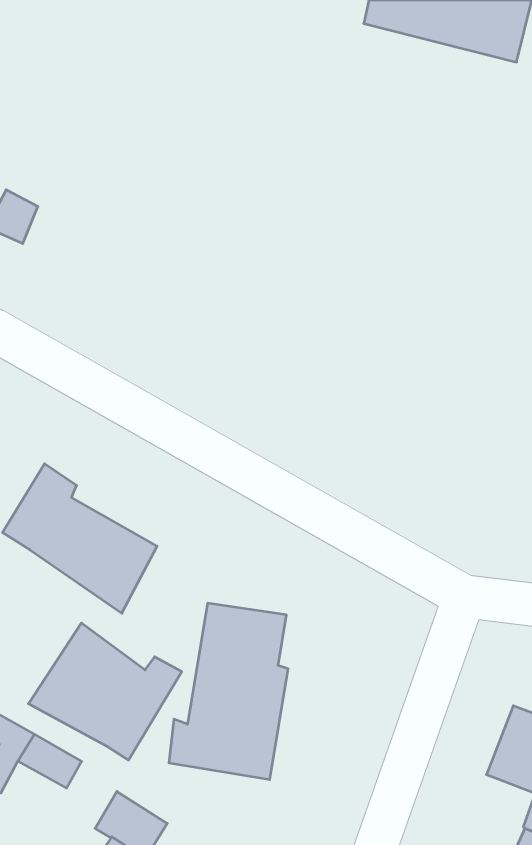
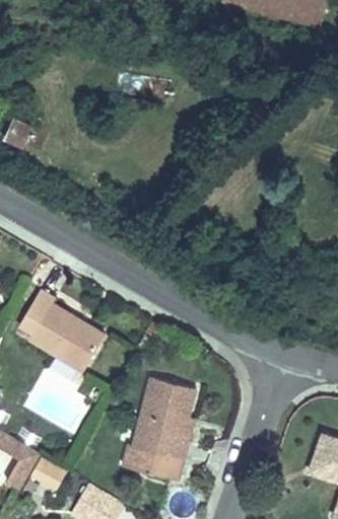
building: [28,623,182,760] -> none

